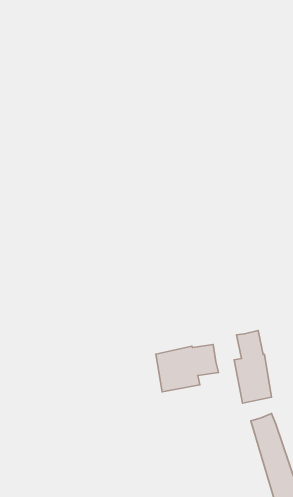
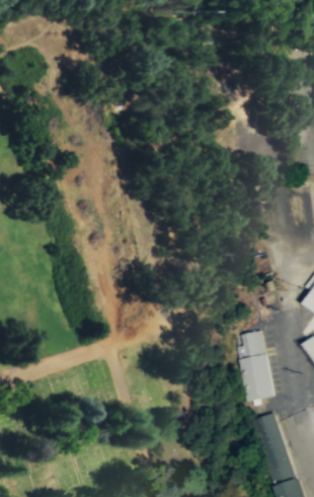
building: [156,344,218,392] -> none

